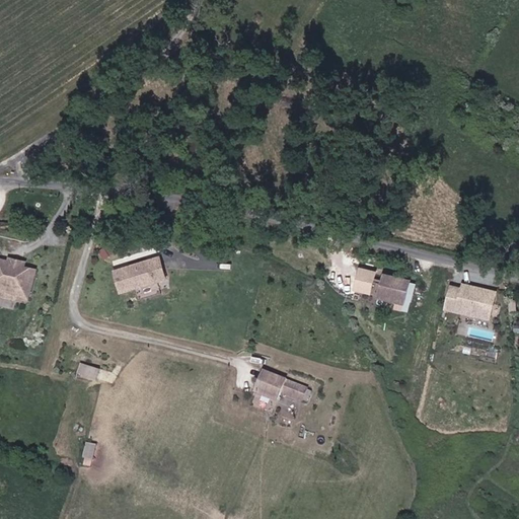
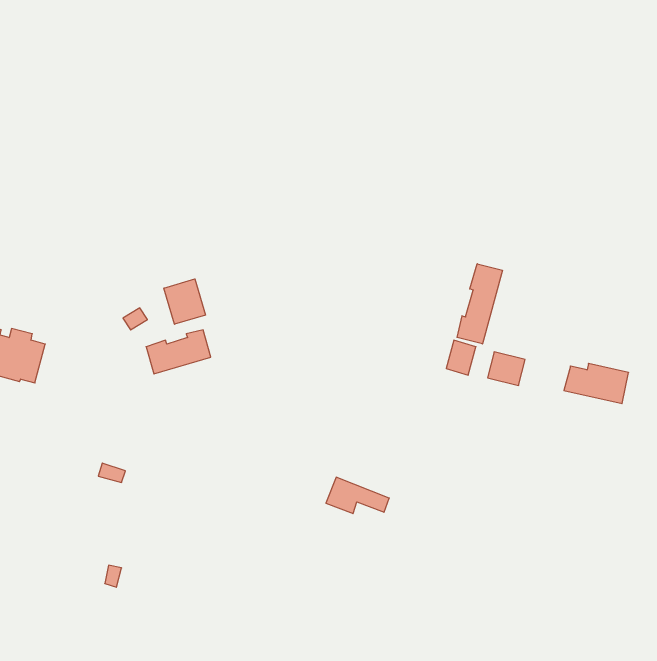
building: none -> [457,264,502,344]
building: none -> [164,279,206,324]

